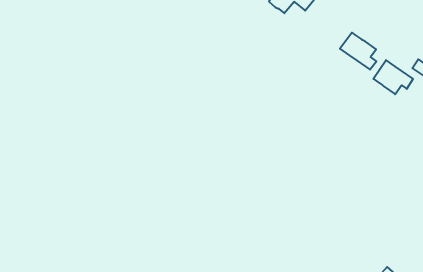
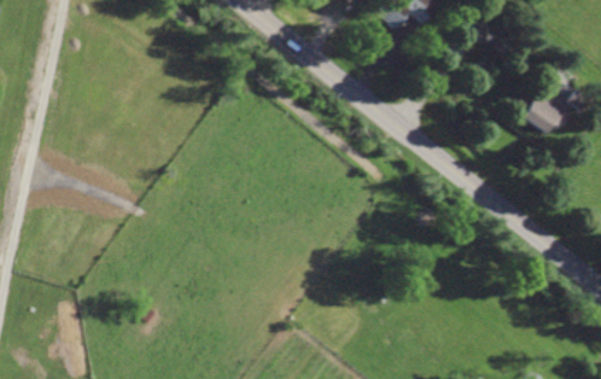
building: [340,33,376,70] -> none

